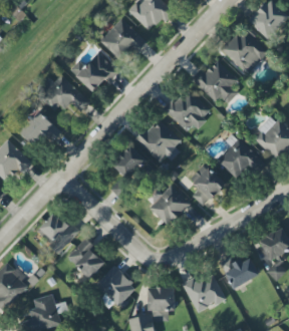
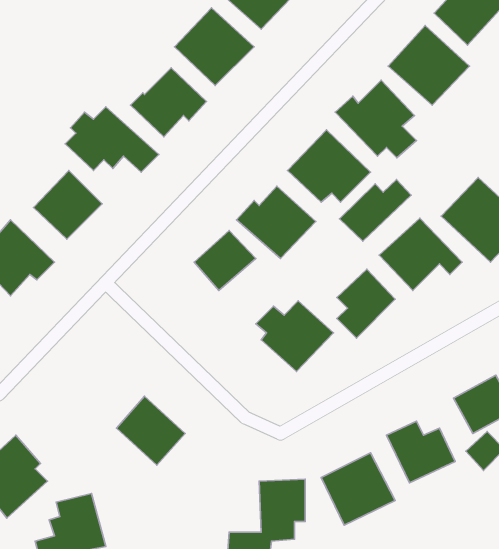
building: none -> [340,180,411,241]
building: [35,212,77,254] -> none
building: [95,267,135,306] -> none

